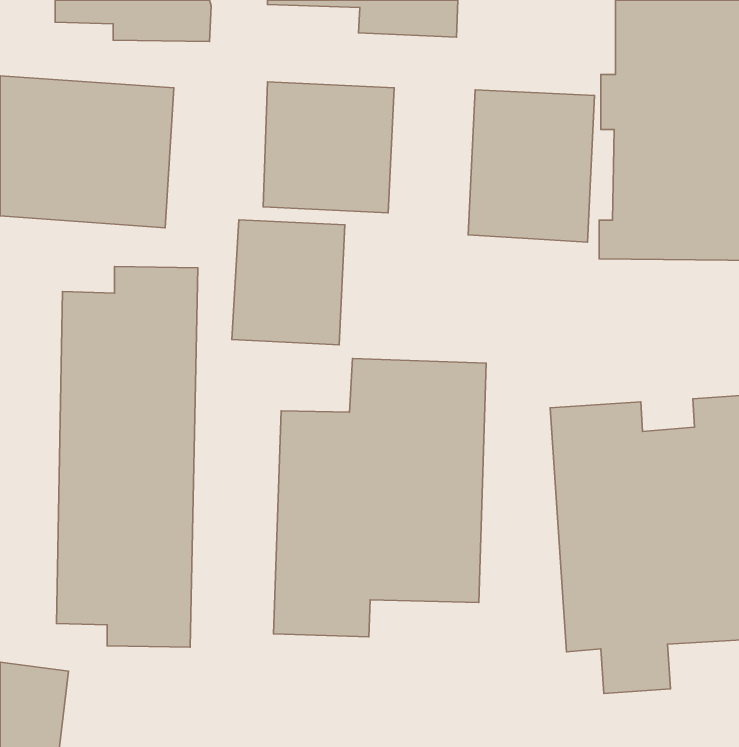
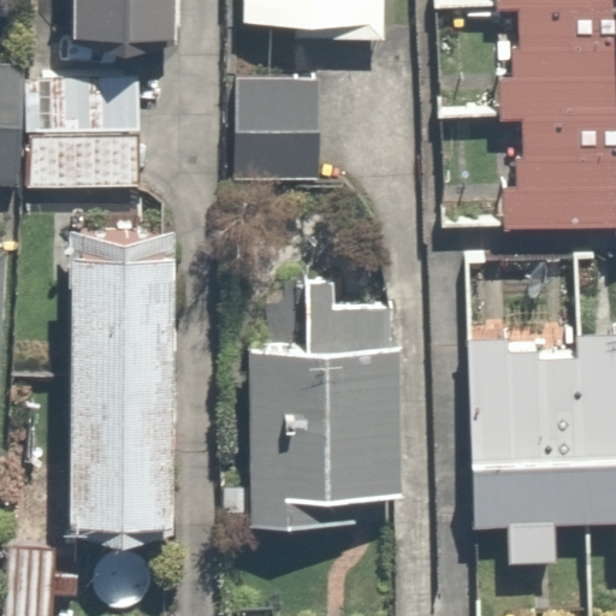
building: [468,90,595,242] -> none
building: [232,220,345,345] -> none

